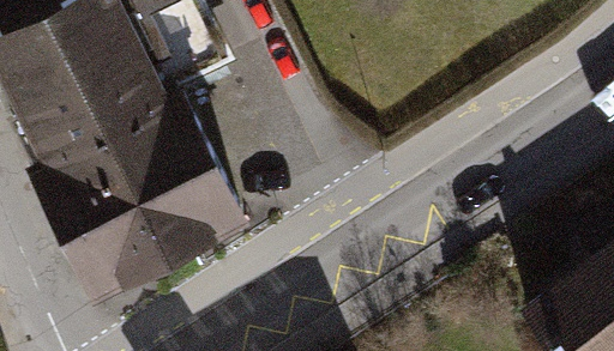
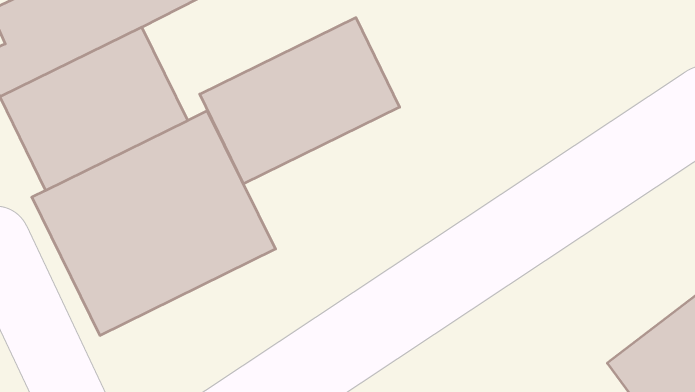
building: none -> [200,18,400,184]

